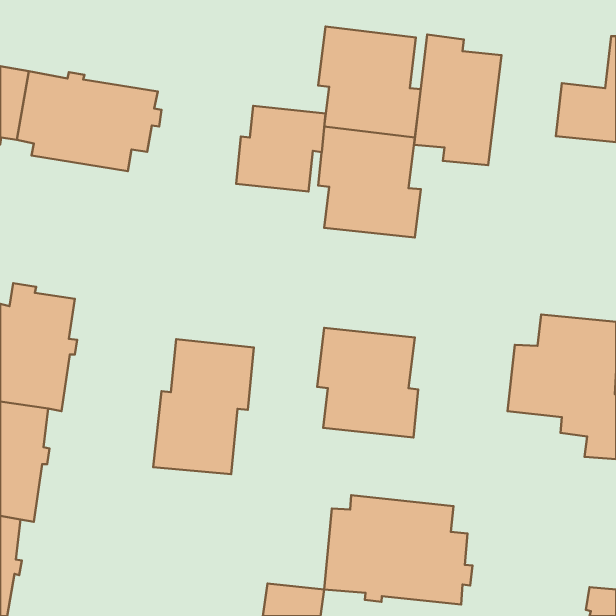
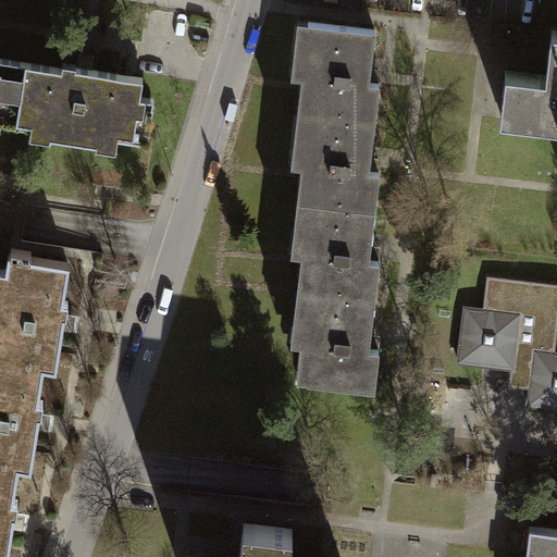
building: [414,35,501,165] -> none
building: [236,106,326,191] -> none
building: none -> [286,206,379,305]
building: [153,339,254,474] -> none
building: [324,495,472,605] -> none

